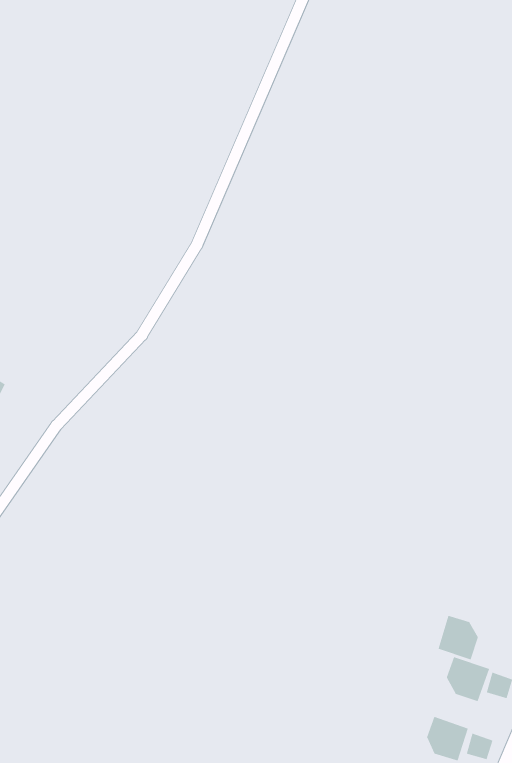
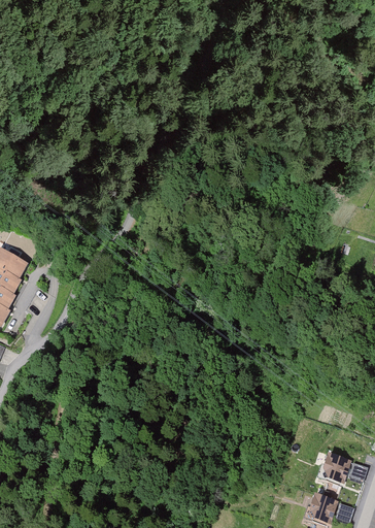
building: [437,615,479,661] -> none

